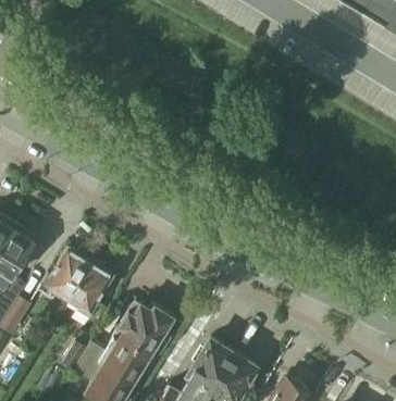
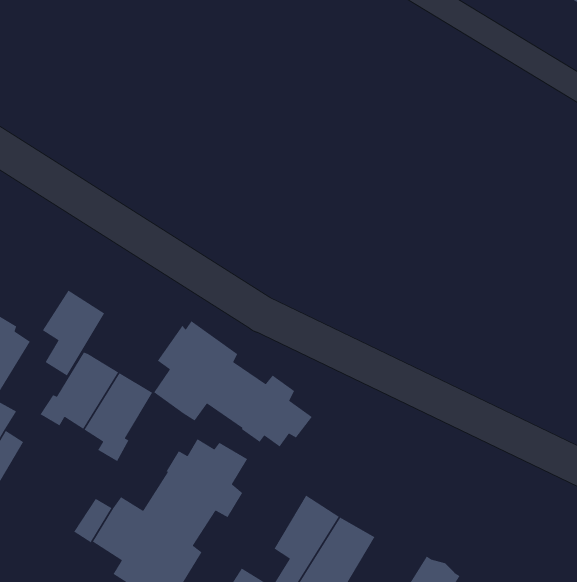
building: none -> [42,289,105,377]
building: none -> [153,320,313,447]

